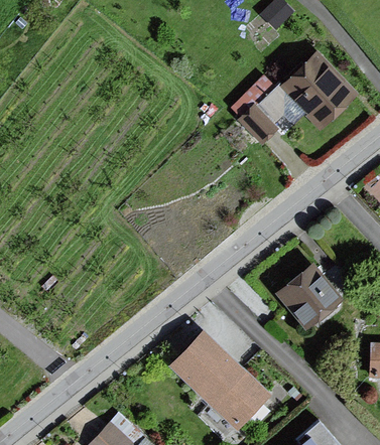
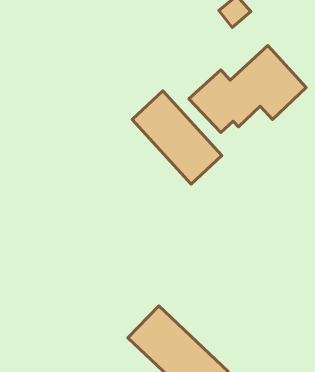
building: none -> [132,91,222,184]
building: [272,261,341,330] -> none

